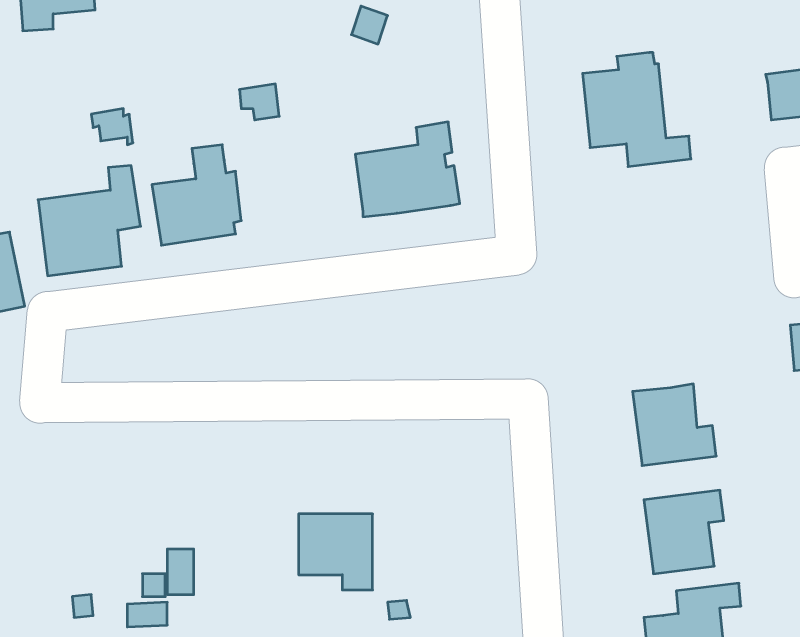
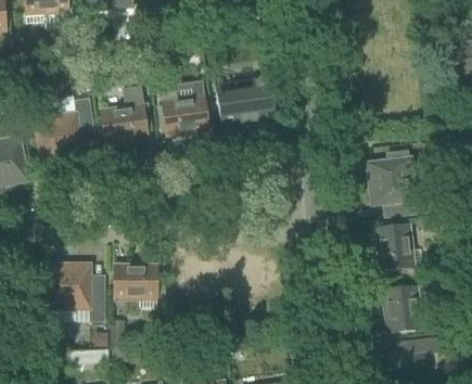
building: [583,53,691,167] -> [368,150,430,215]
building: none -> [158,90,209,136]
building: none -> [49,264,104,320]
building: [299,514,373,590] -> [115,264,157,307]

